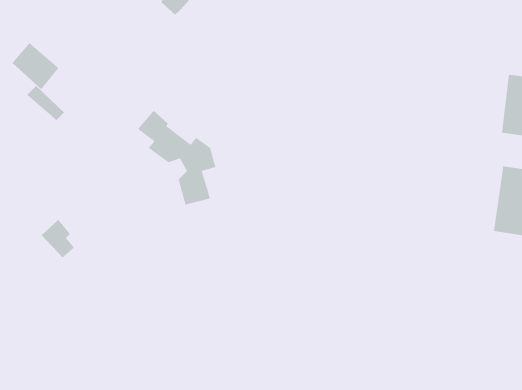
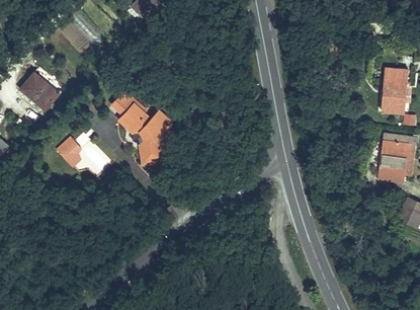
building: [12,42,59,90] -> [16,78,52,113]
building: [41,219,75,258] -> [55,137,80,166]

